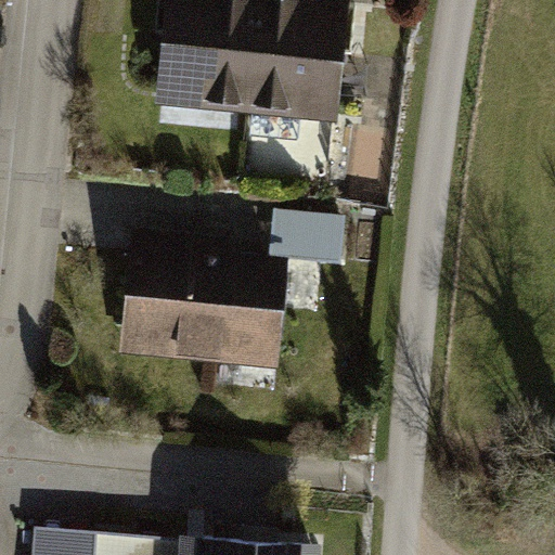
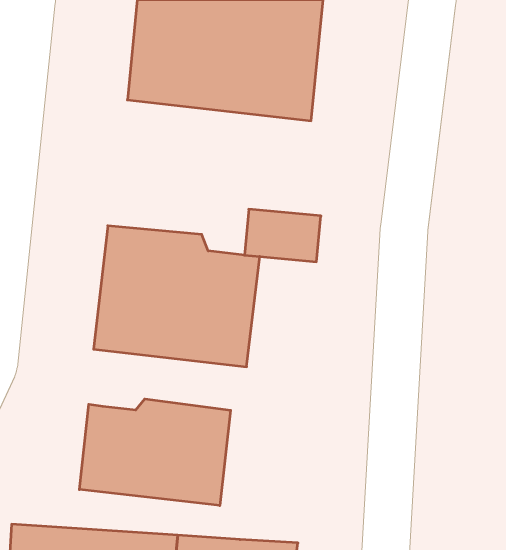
building: none -> [79,399,231,506]

